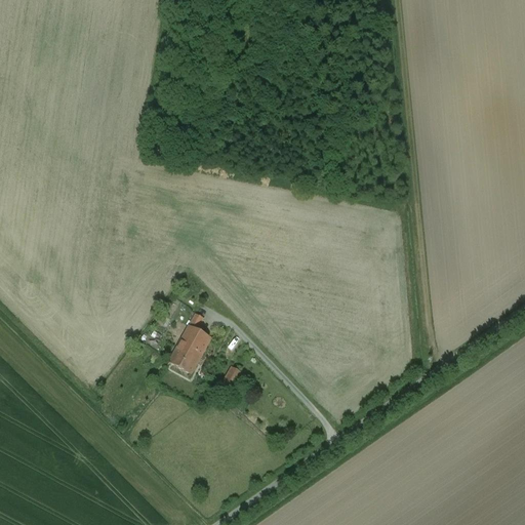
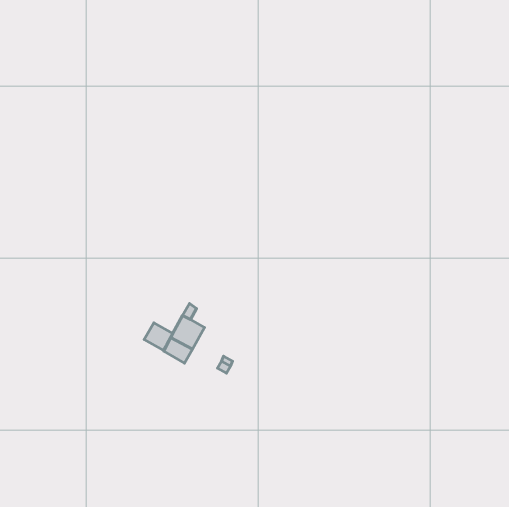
building: none -> [144,323,173,350]

